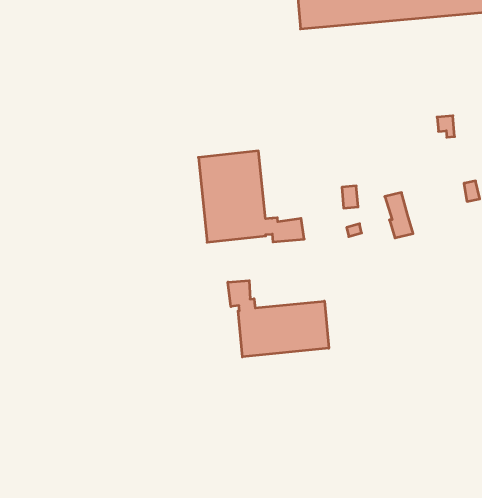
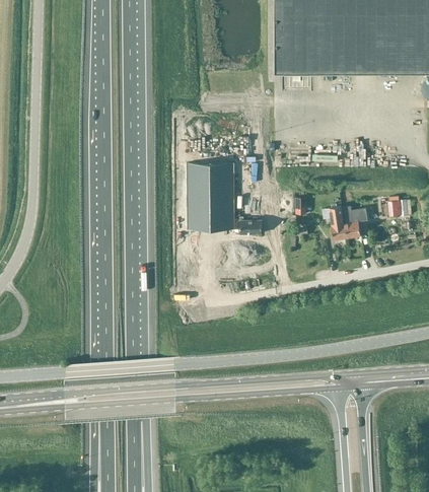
building: none -> [343,205,367,237]
building: [228,281,329,357] -> none

